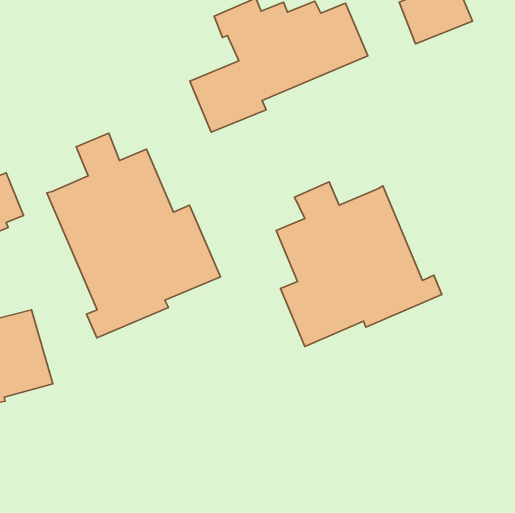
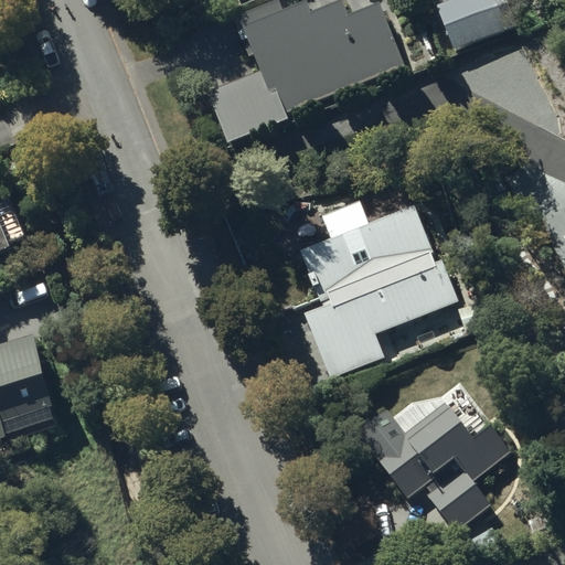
building: [47,133,221,338] -> none
building: none -> [354,397,511,530]

